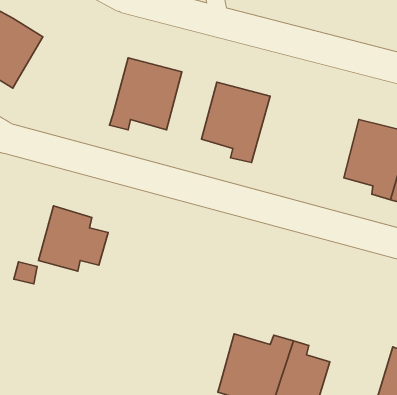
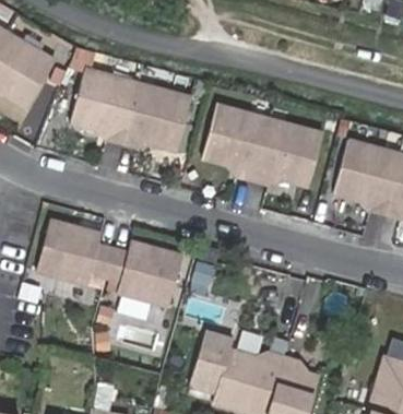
building: none -> [68,69,135,147]
building: none -> [251,120,319,188]
building: none -> [108,243,179,303]
building: none -> [197,329,237,390]

